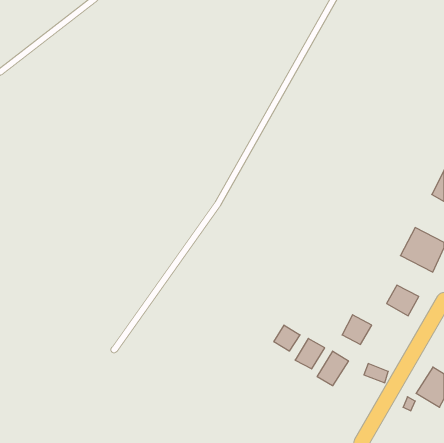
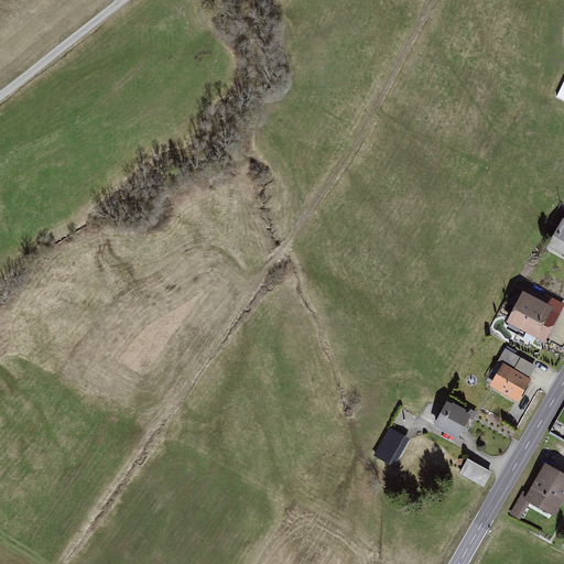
building: [274,325,300,351] -> none
building: [317,351,348,386] -> none

